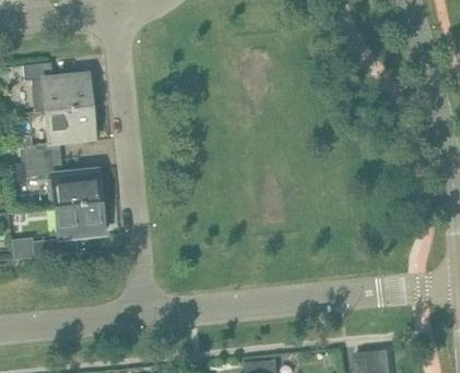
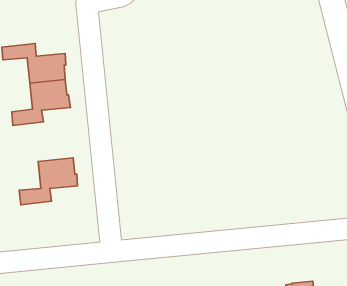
building: [24,157,98,205] -> none

